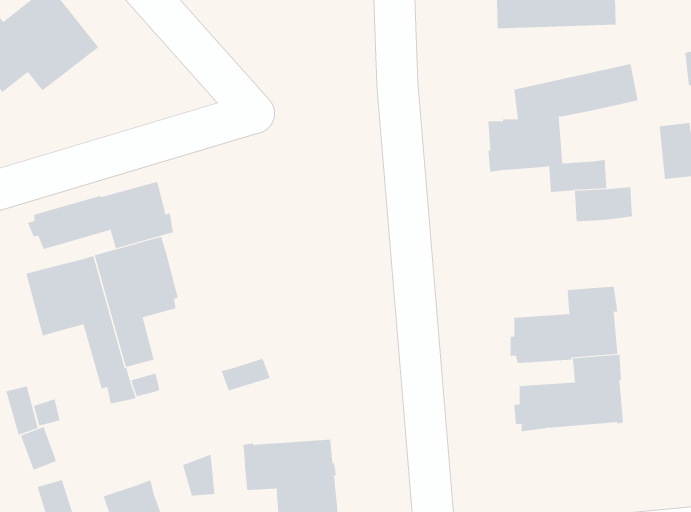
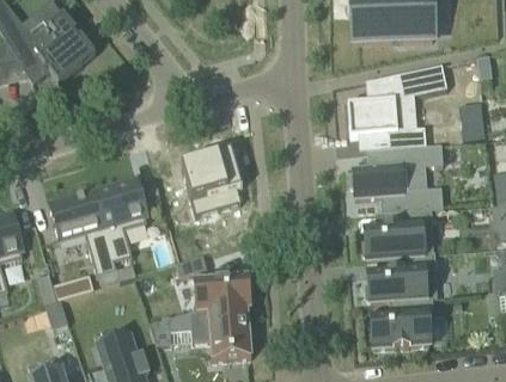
building: [27,181,174,250] -> none
building: none -> [182,149,242,215]
building: none -> [348,164,443,212]
building: none -> [194,277,250,312]
building: none -> [368,297,433,346]

